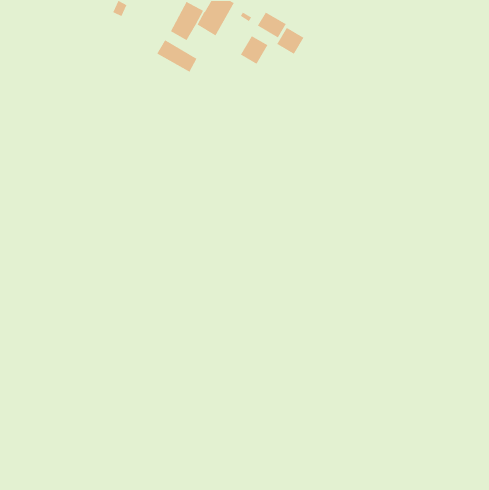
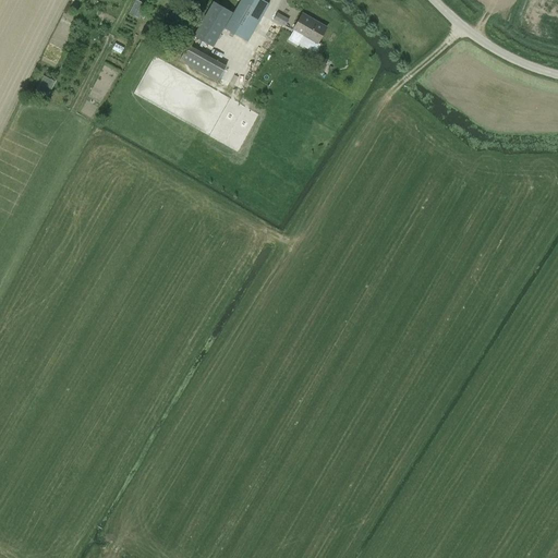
building: [276,27,304,55] -> none
building: [240,35,269,65] -> none

